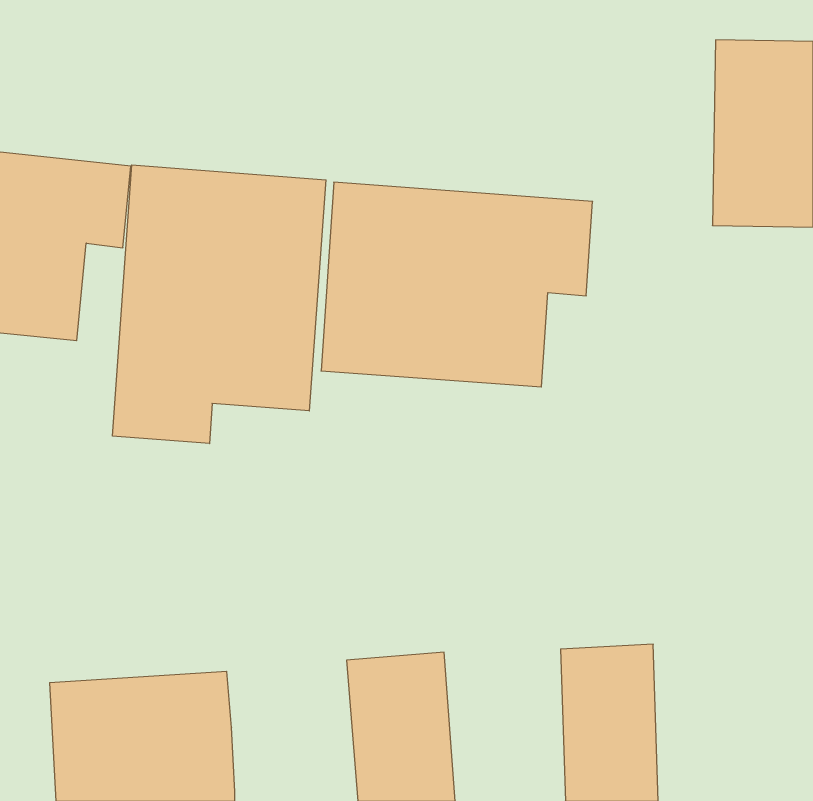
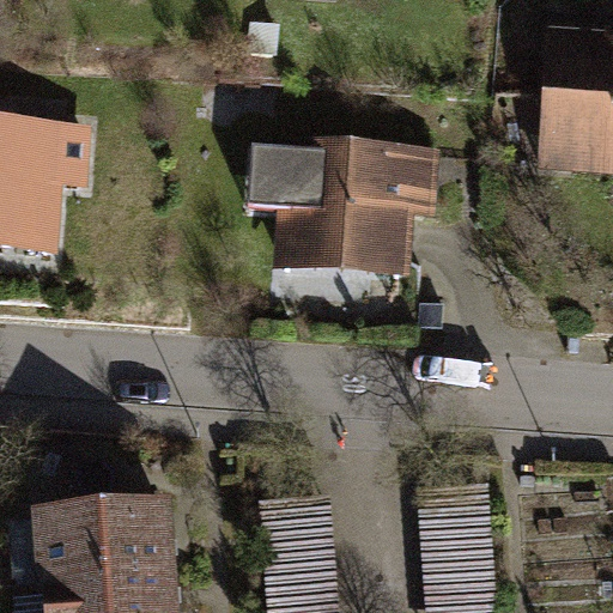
building: [113,165,326,444] -> none

